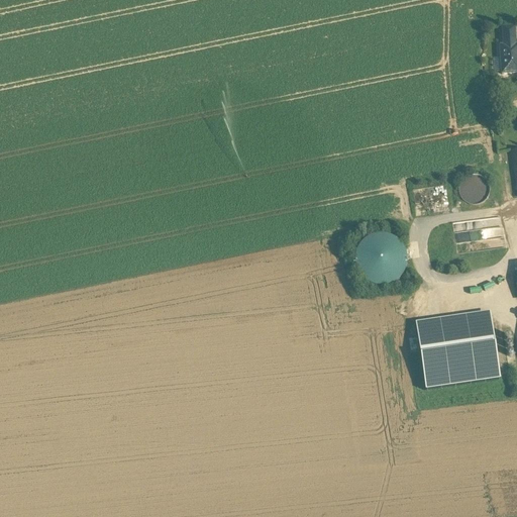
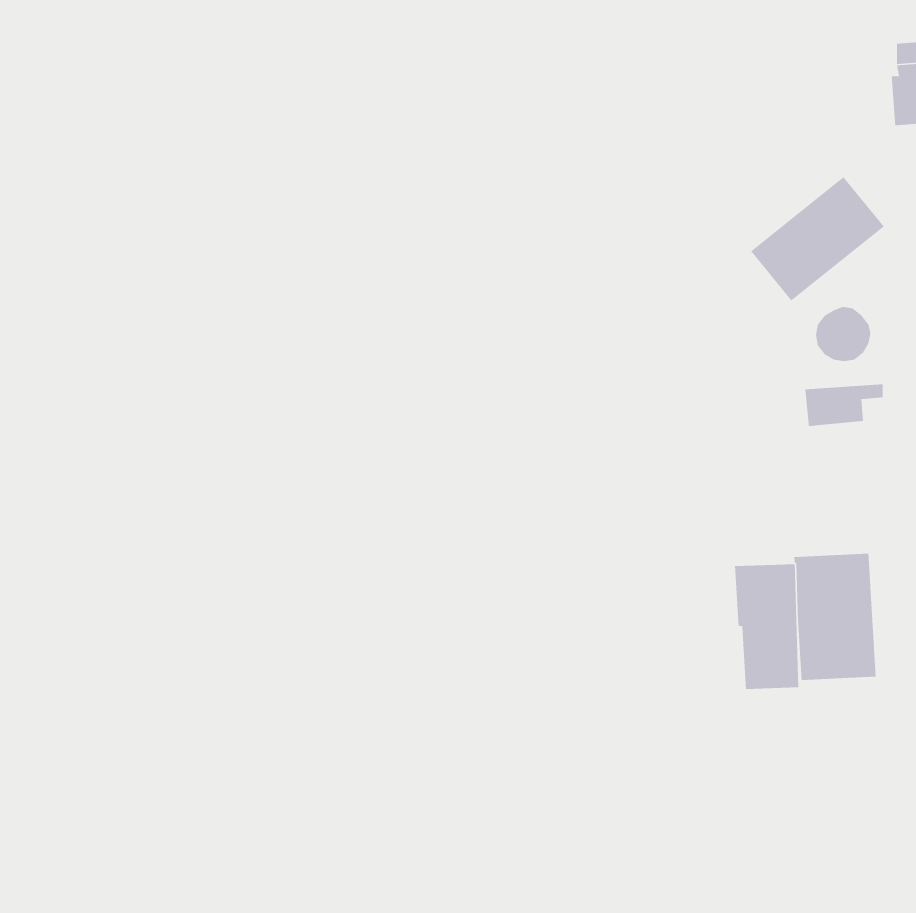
building: none -> [750,176,885,301]
building: [357,231,410,284] -> none

